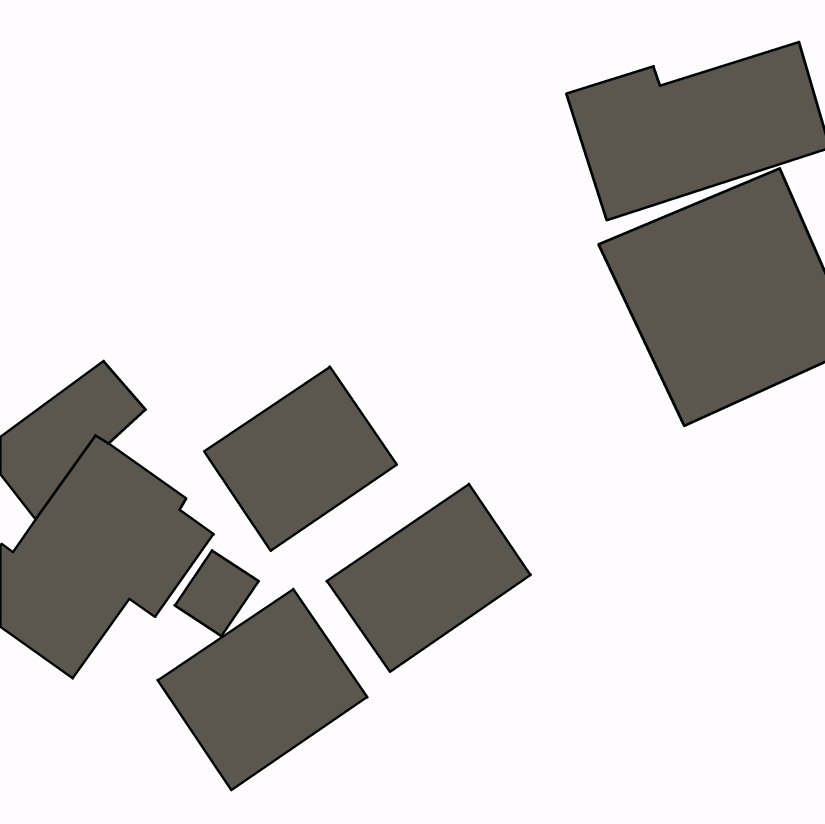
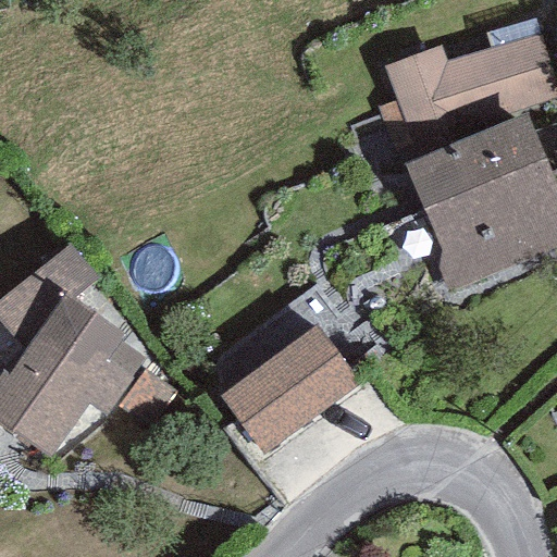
building: [204,367,397,551] -> none
building: [158,589,367,790] -> none

